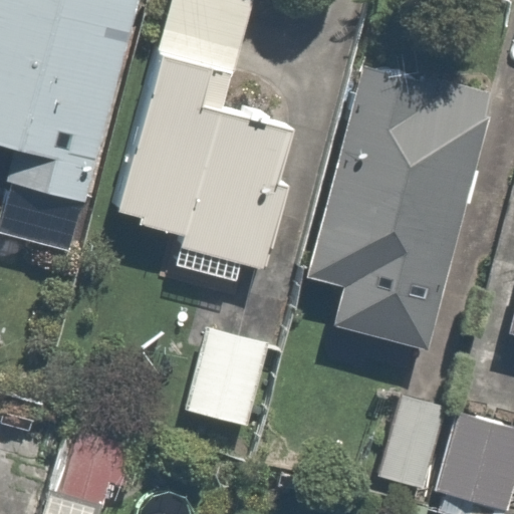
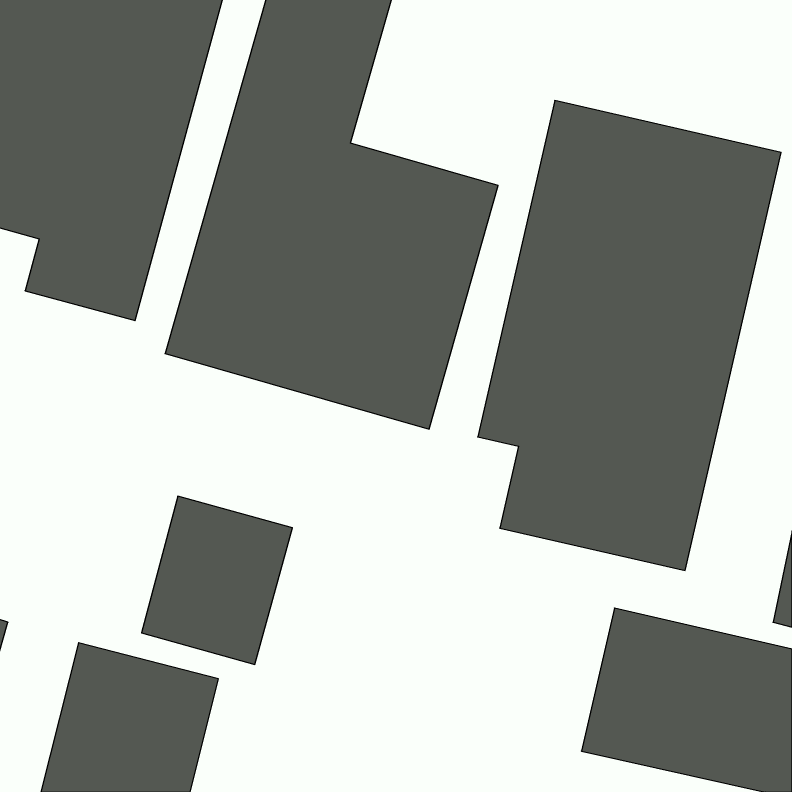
building: [181,324,277,432] -> [142,496,292,664]

